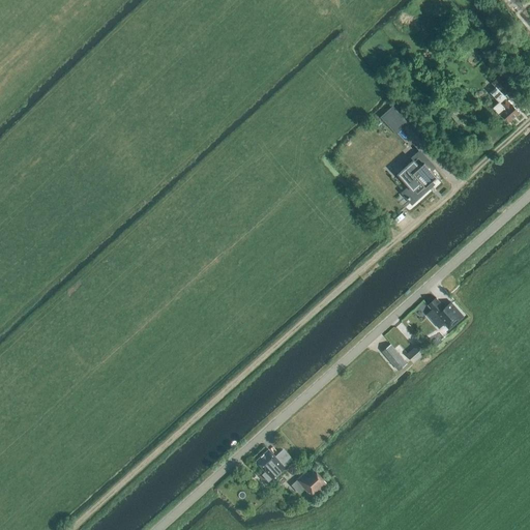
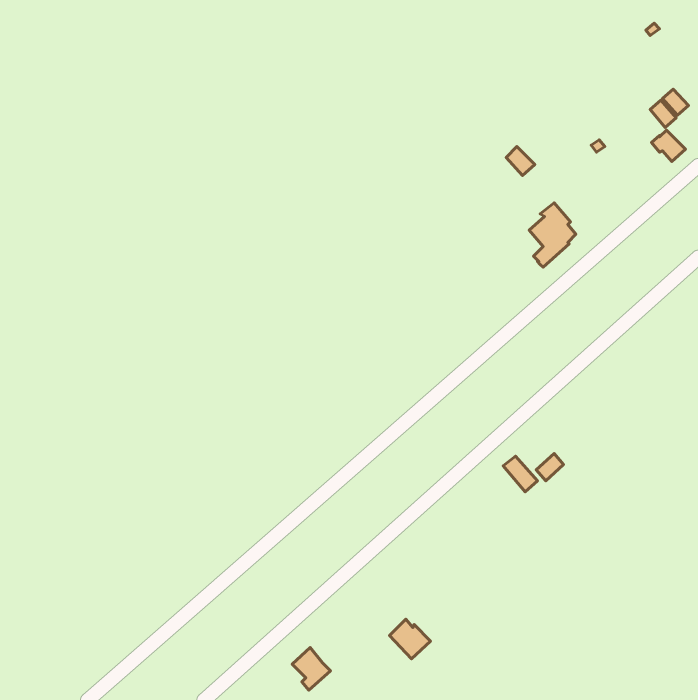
building: [425,298,463,330] -> none
building: [253,449,282,481] -> [292,648,331,690]

